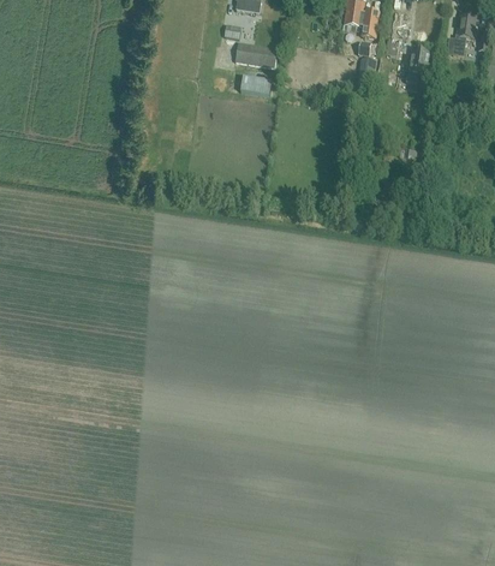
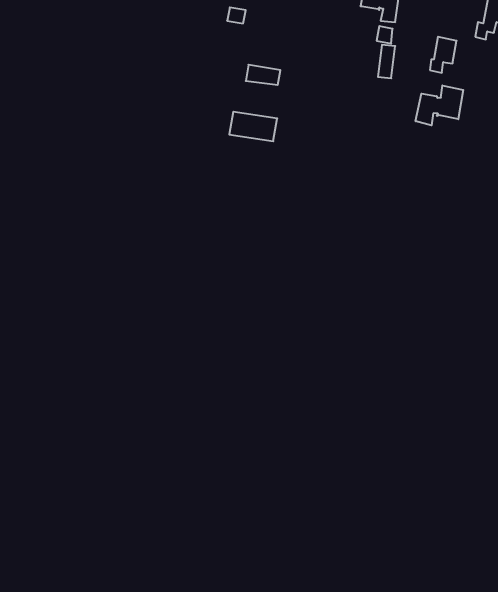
building: [234,41,278,67] -> [229,112,277,141]
building: none -> [416,85,463,125]

